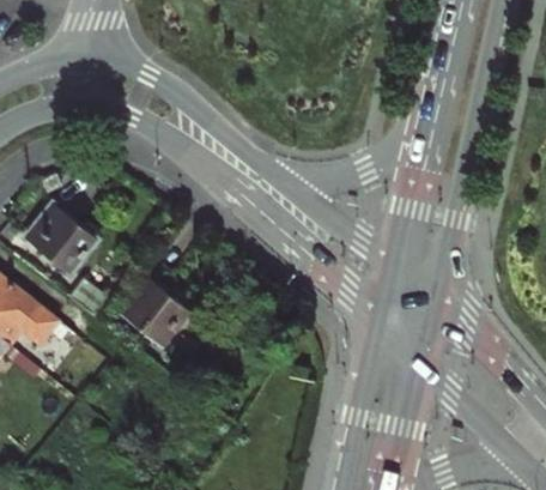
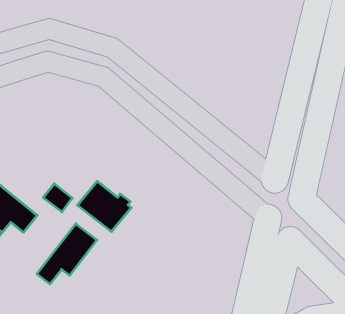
building: [24,202,99,276] -> none
building: none -> [37,224,97,284]

